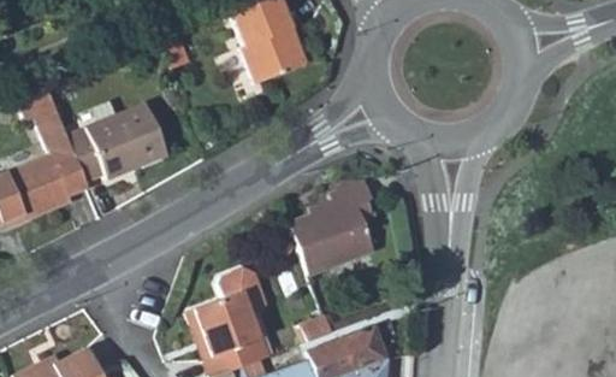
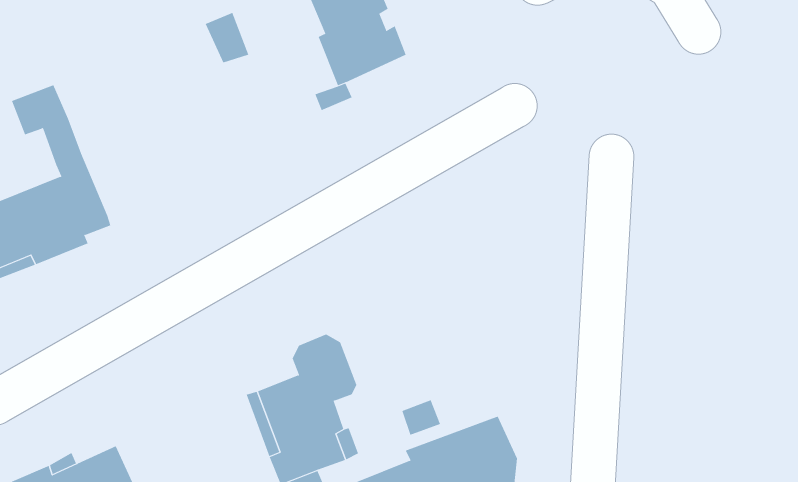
building: [67,102,167,179] -> none
building: [289,183,372,275] -> none

